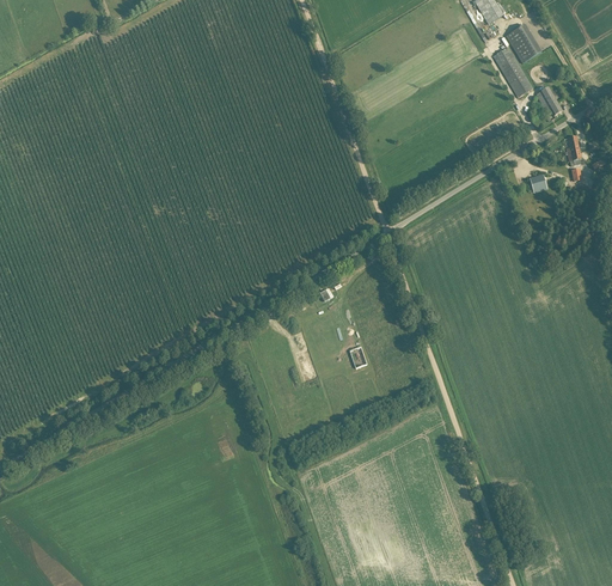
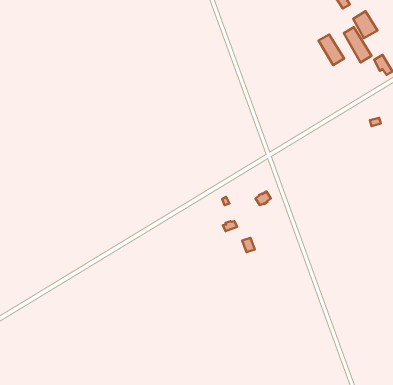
building: none -> [319,34,344,65]

